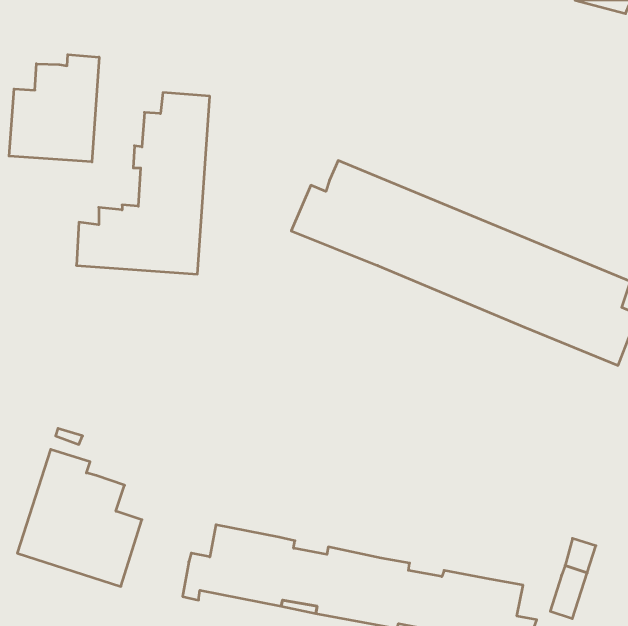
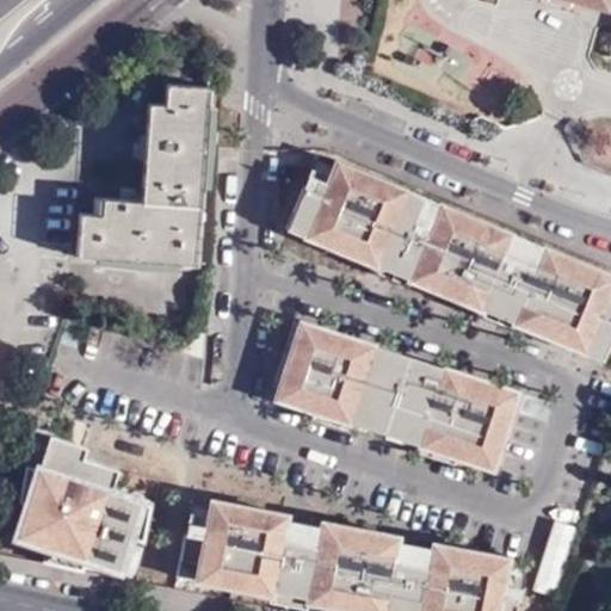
building: [9,55,99,162] -> none
building: none -> [271,321,521,475]

